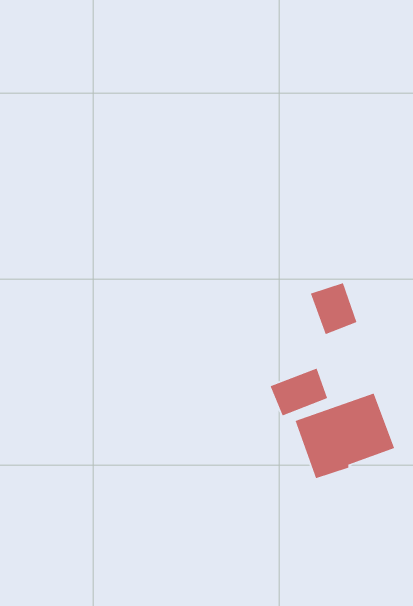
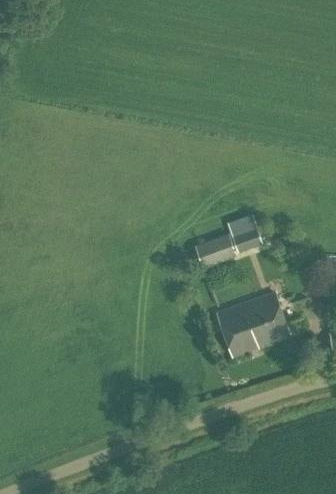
building: [269,368,328,417] -> [193,234,235,269]

